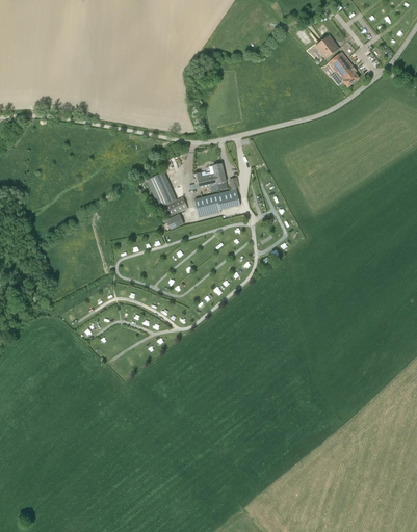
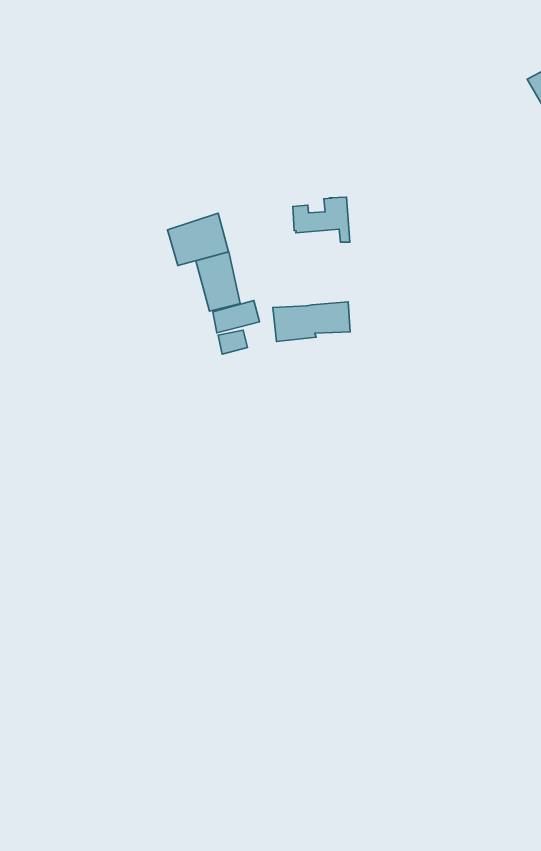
building: none -> [168,213,228,265]
building: [192,163,228,189] -> [293,197,350,242]

